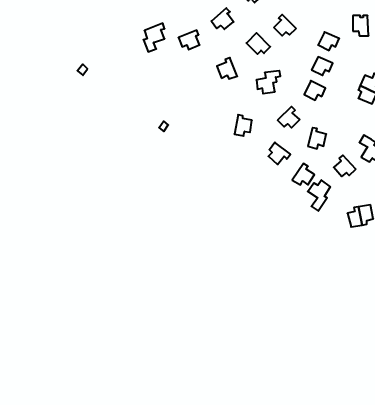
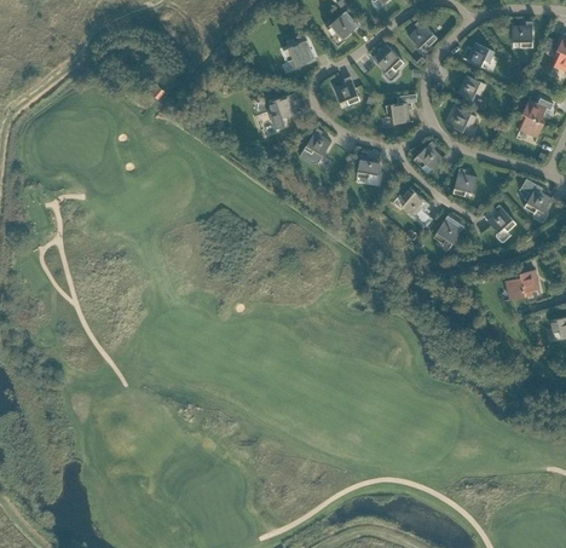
building: [143,23,165,52] -> [270,93,298,131]
building: none -> [300,129,331,165]
building: [308,180,330,211] -> none

